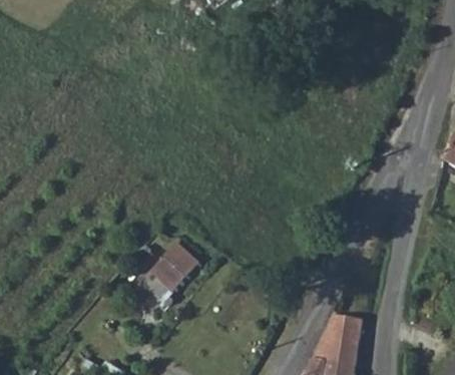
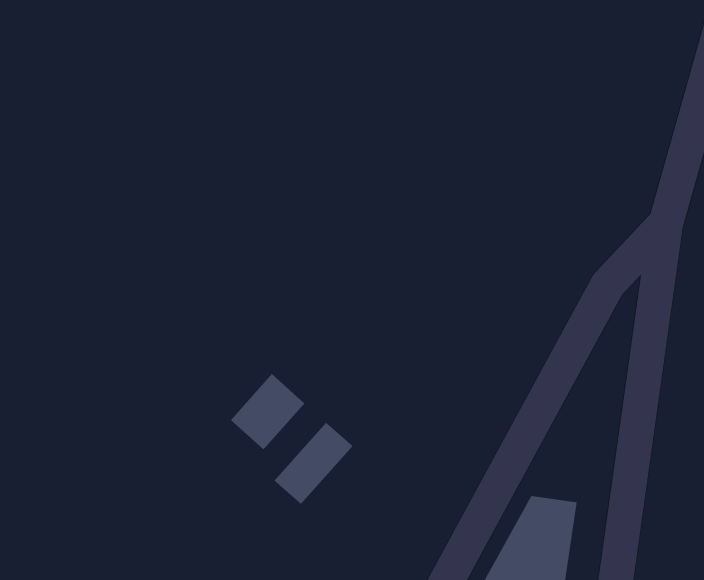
building: none -> [274,422,353,505]

